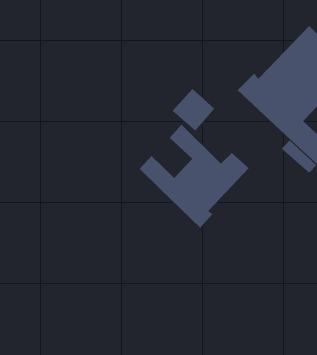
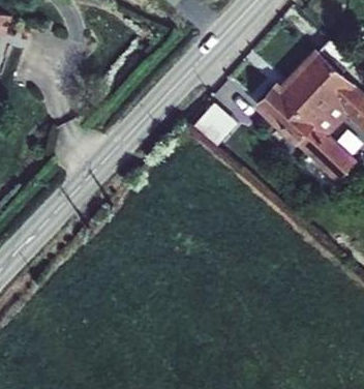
building: [139,124,249,228] -> none

